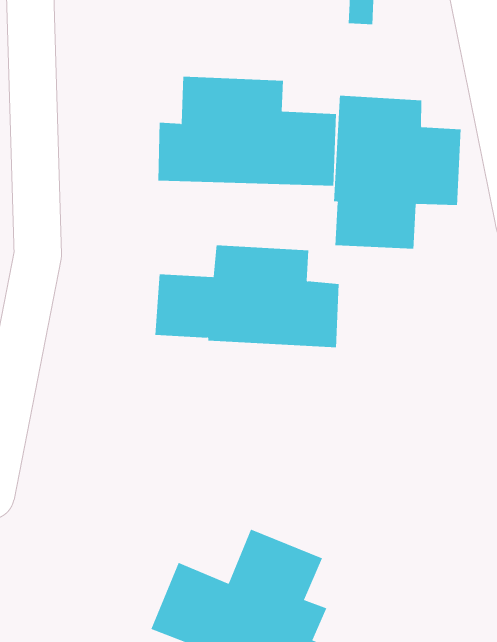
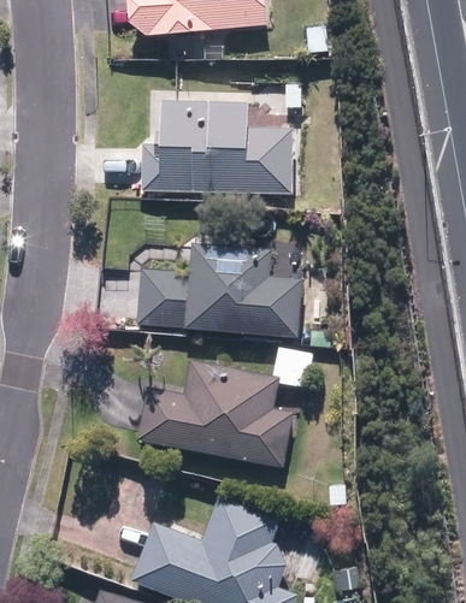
building: [334,95,461,249] -> none
building: none -> [134,348,311,467]

